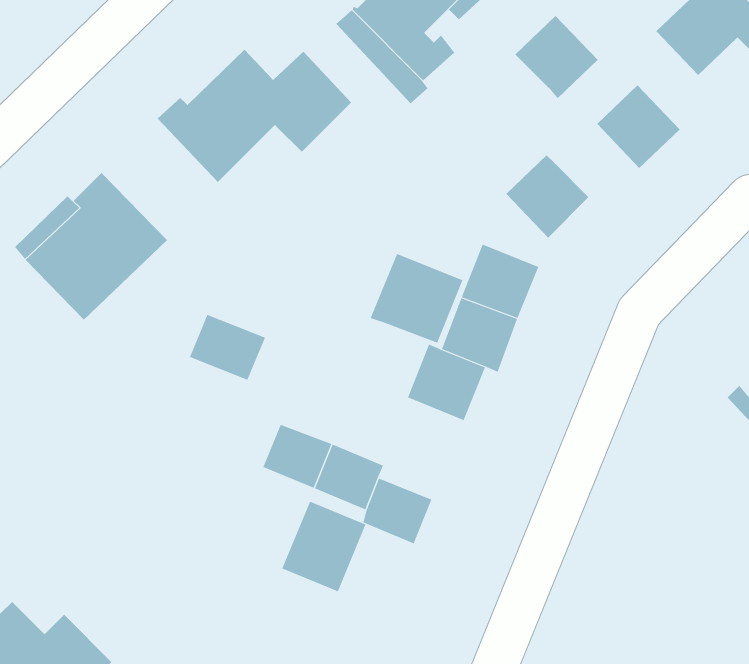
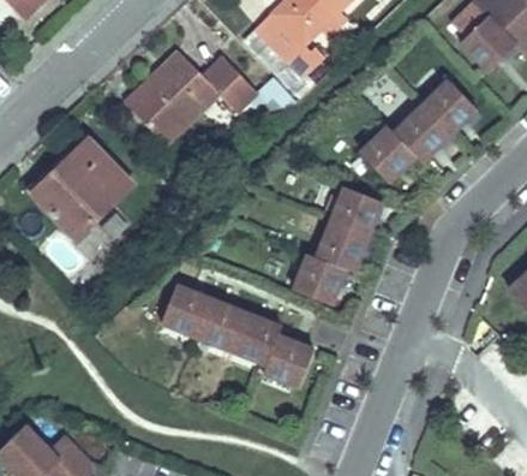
building: [515,15,598,99] -> [394,105,450,161]
building: [370,253,463,344] -> none
building: [189,314,266,380] -> [157,291,209,335]
building: [282,501,366,592] -> none

